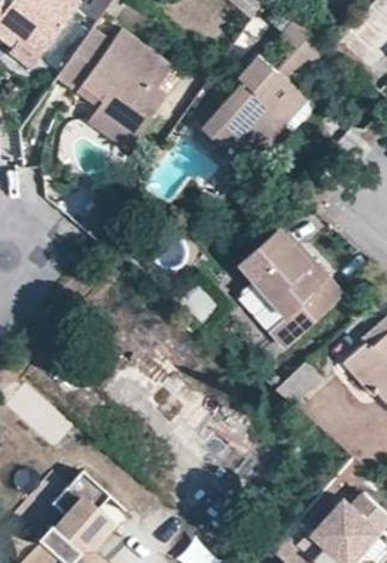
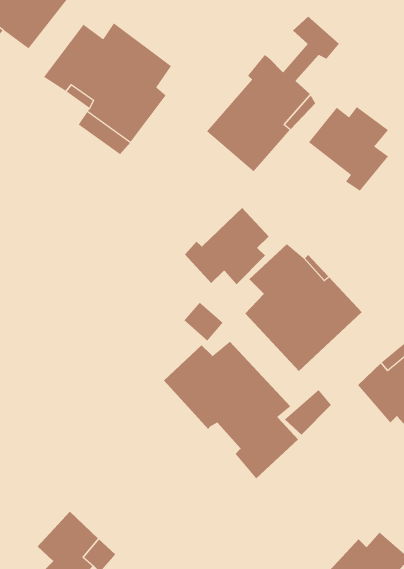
building: none -> [308,106,389,192]
building: none -> [184,207,270,285]
building: none -> [163,341,299,479]

